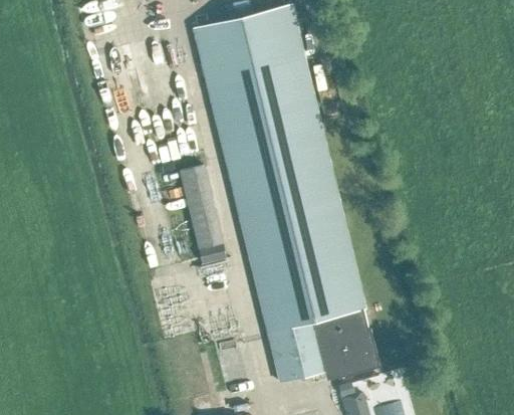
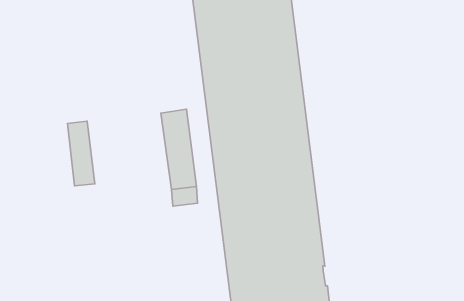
building: none -> [68,121,95,186]

